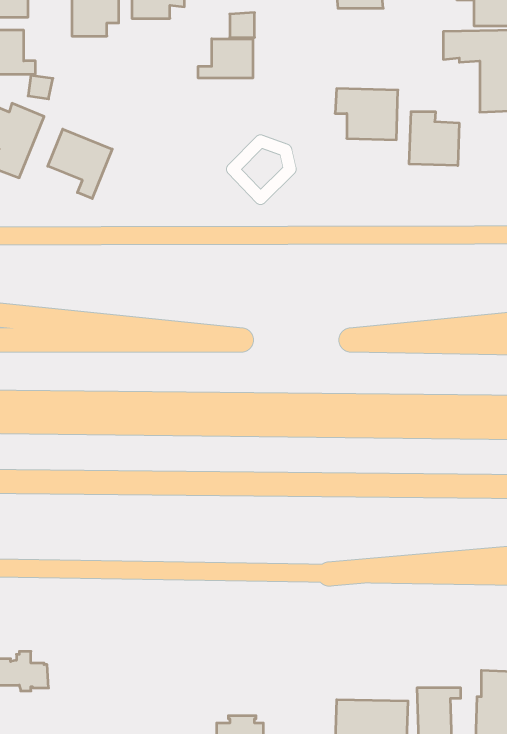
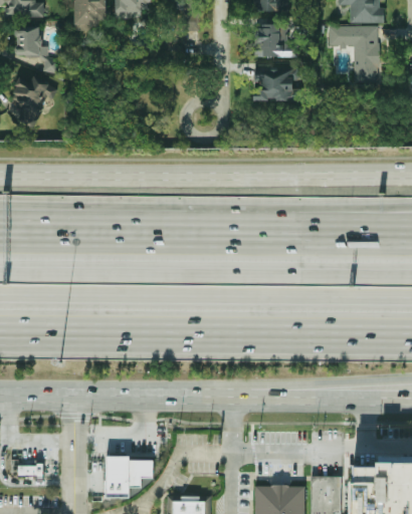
building: none -> [254,23,290,56]
building: [198,39,253,78] -> none
building: [409,112,459,166] -> none
building: [48,129,112,199] -> none
building: none -> [106,455,153,498]

